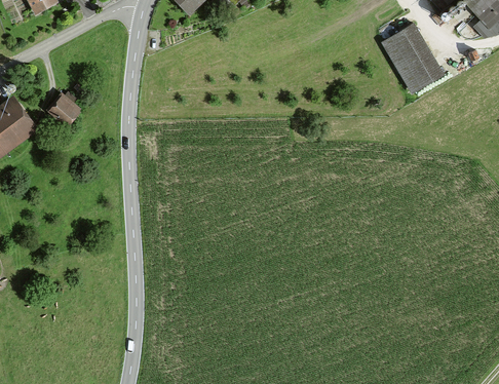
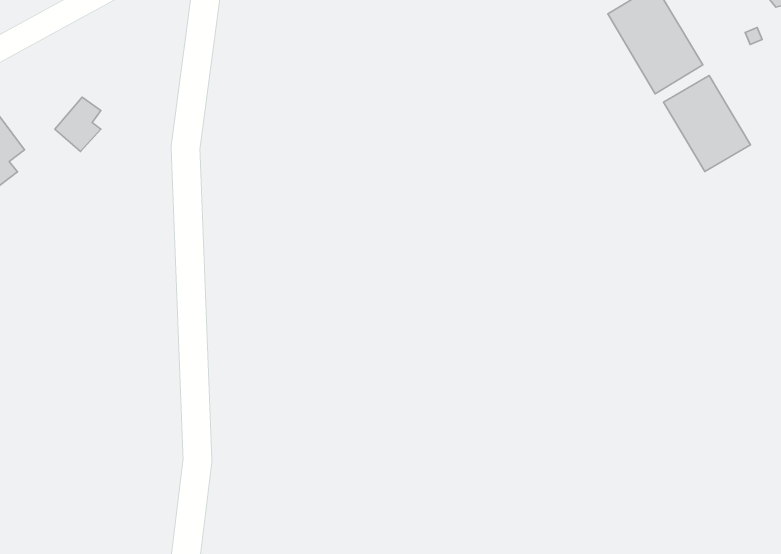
building: none -> [663,75,751,172]

